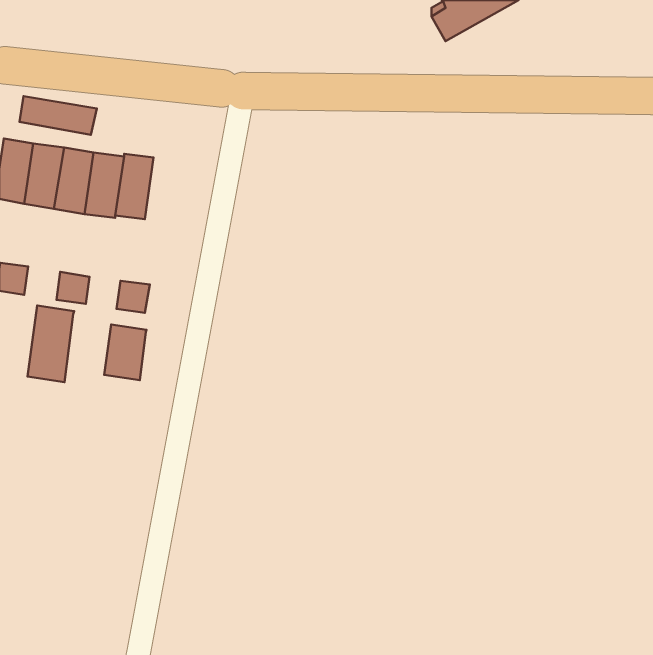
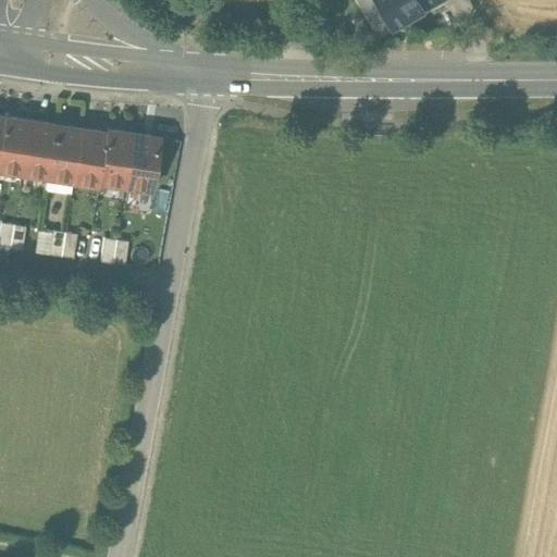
building: [19,96,97,135] -> none
building: none -> [123,134,157,189]
building: [27,306,74,382] -> none
building: [104,325,146,380] -> none

